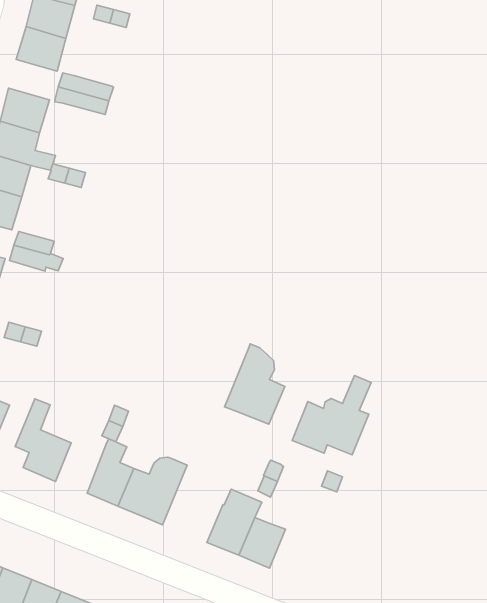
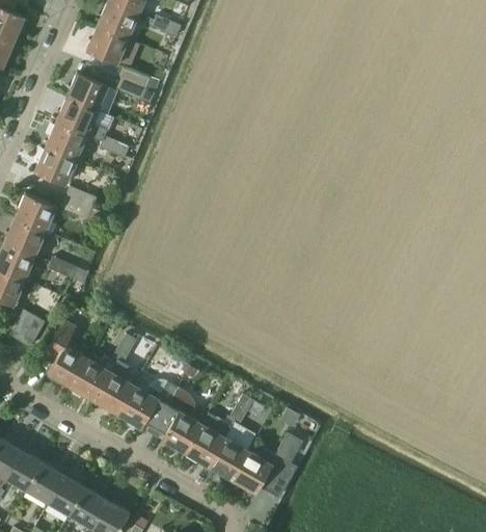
building: [224,344,285,424] -> [152,388,201,453]
building: [292,375,371,455] -> [232,435,300,498]
building: none -> [72,356,116,401]

